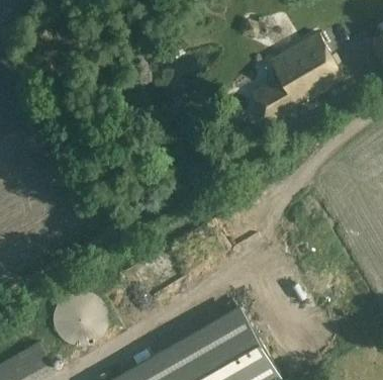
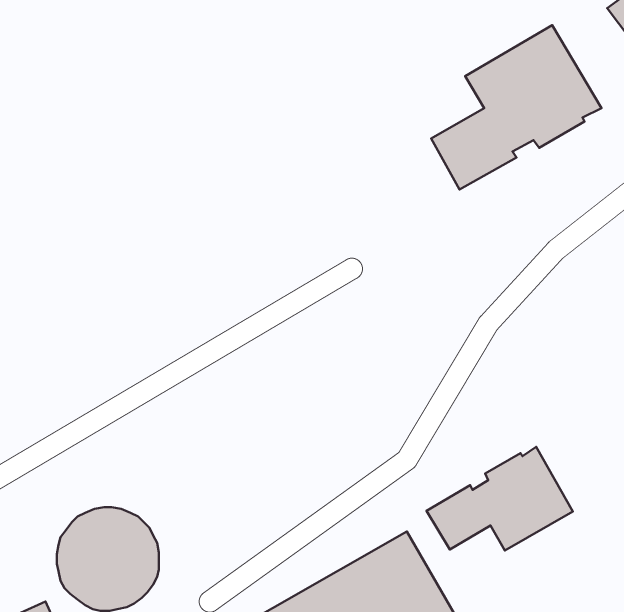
building: none -> [426,447,573,550]

